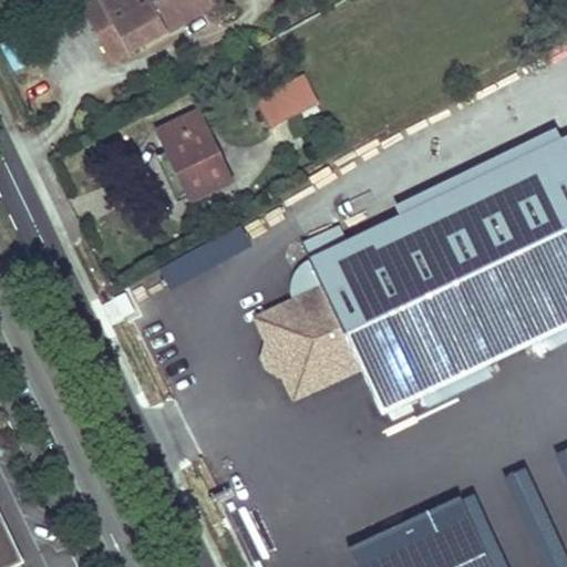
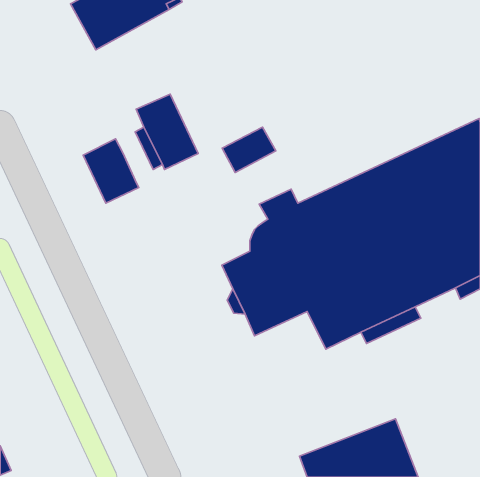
building: [261,70,324,123] -> [222,127,276,172]
building: none -> [83,139,139,203]

